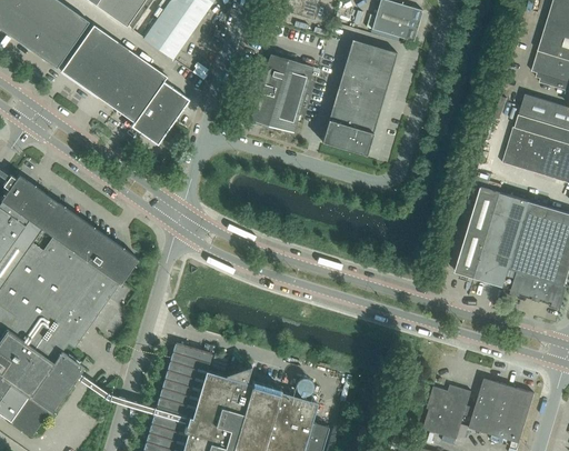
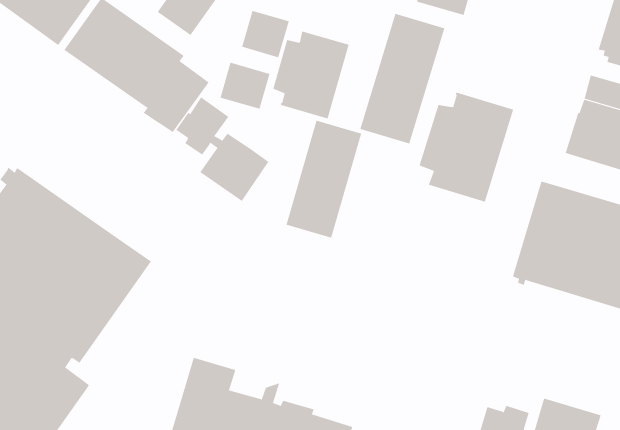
building: none -> [242,10,289,58]
building: none -> [220,62,270,110]
building: none -> [419,92,514,203]
building: none -> [175,96,269,202]
building: none -> [286,120,362,238]

